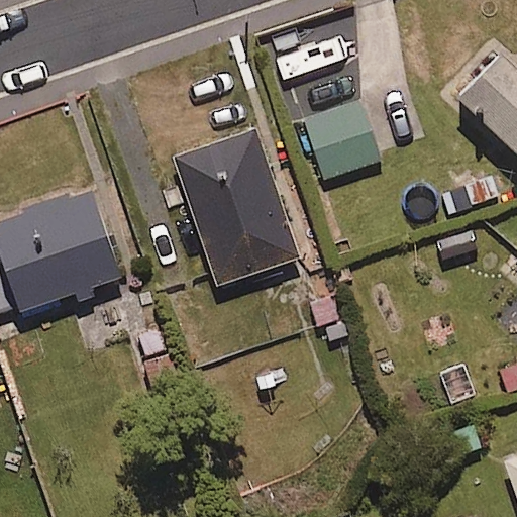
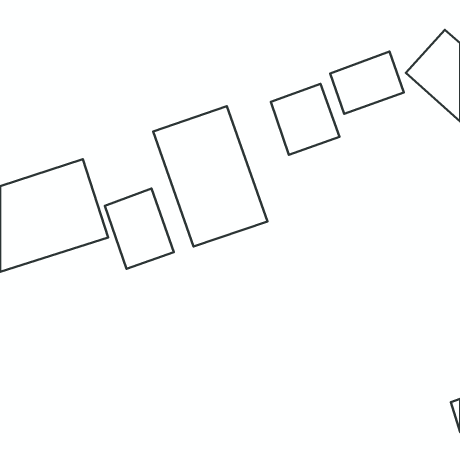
building: none -> [330,52,404,114]
building: none -> [105,188,174,269]

